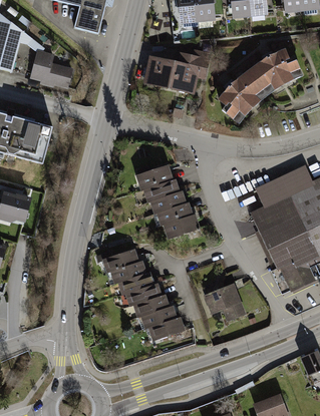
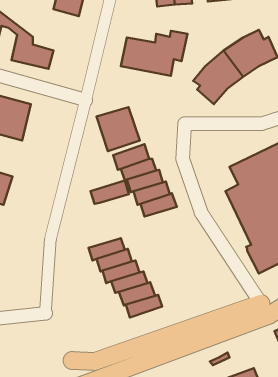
building: none -> [97,107,140,151]
building: [100,248,139,272] -> [91,180,129,204]
building: [203,284,246,323] -> none

